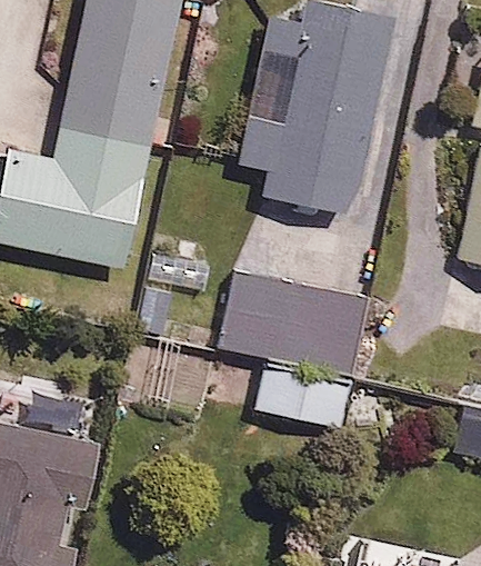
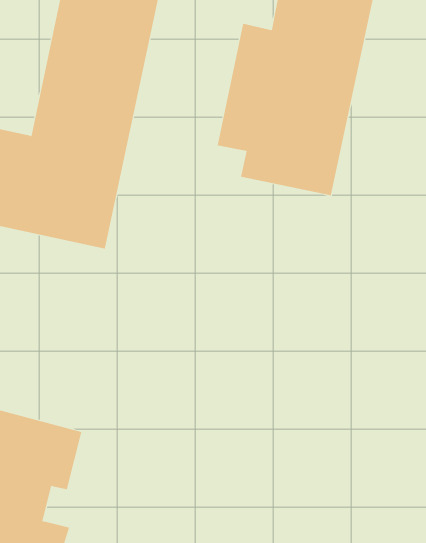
building: [219,267,374,428] -> none

